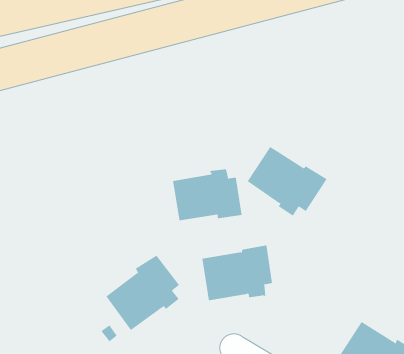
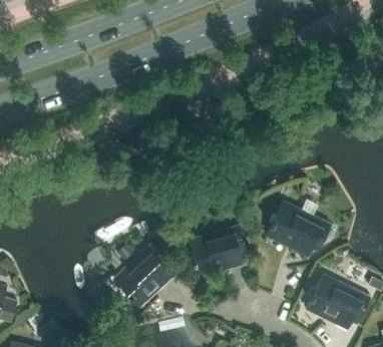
building: [247,146,328,217] -> [267,204,331,258]
building: [173,168,242,221] -> none

